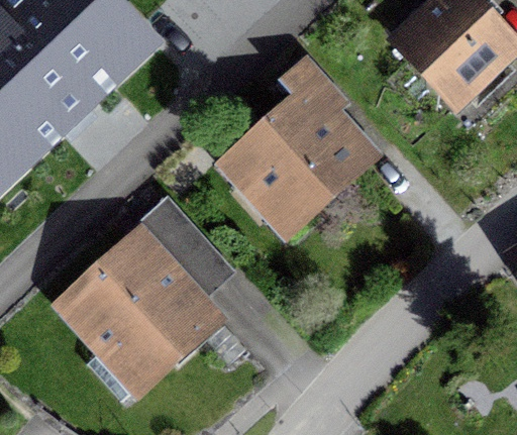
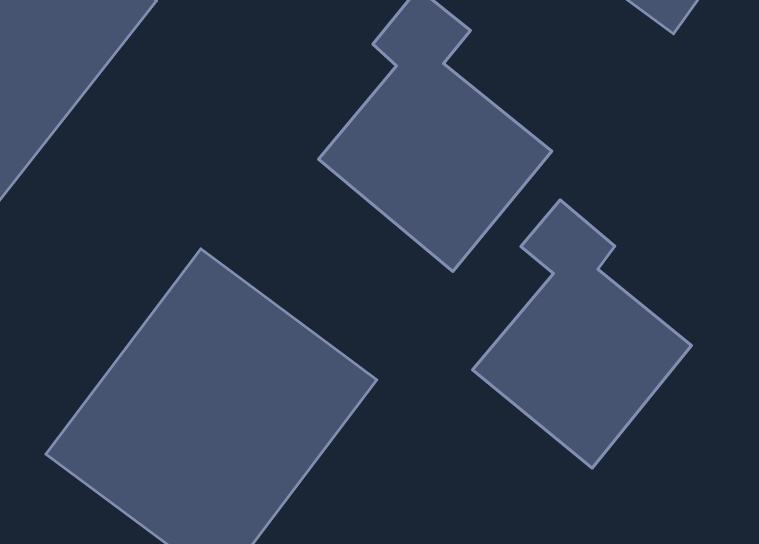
building: none -> [472,200,692,468]

